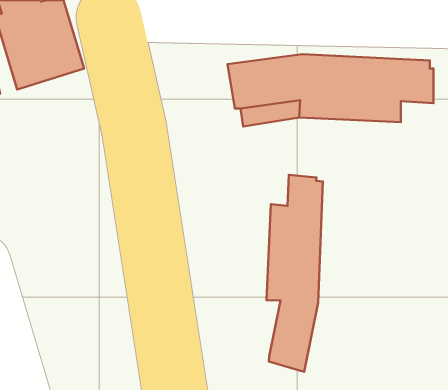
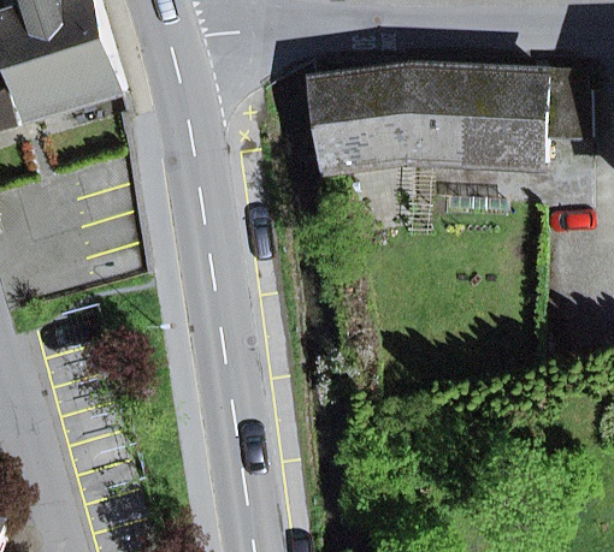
building: [266,175,323,372] -> none

